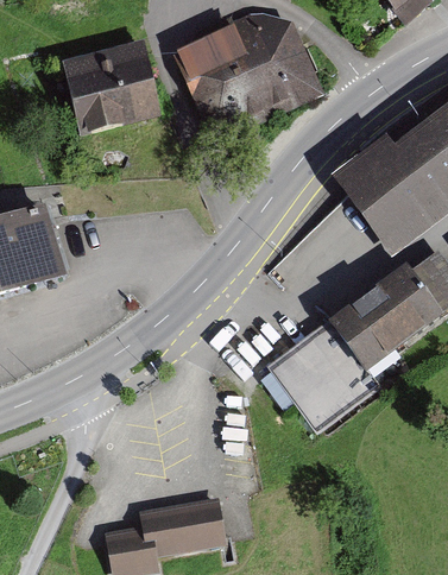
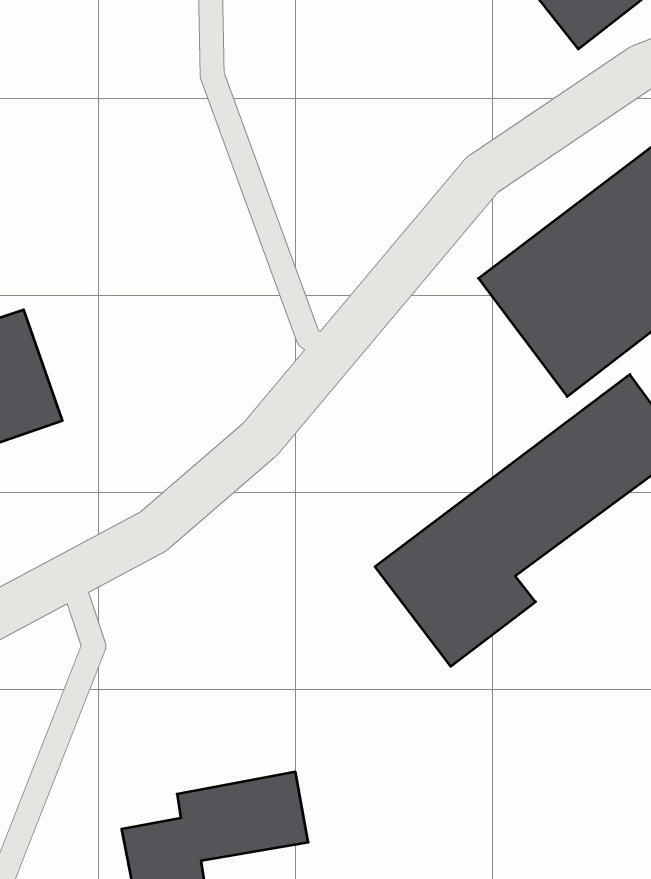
building: [176,10,323,137] -> none
building: [57,40,165,143] -> none

